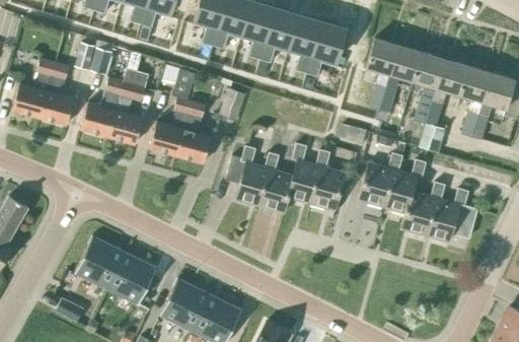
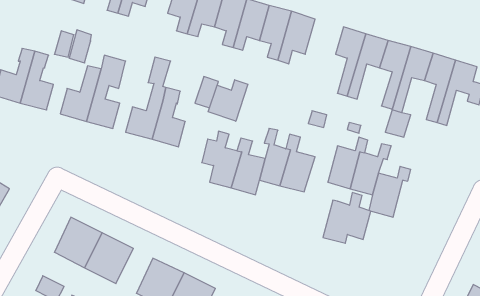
building: none -> [208,80,248,121]
building: [427,189,476,242] -> [323,193,371,243]

